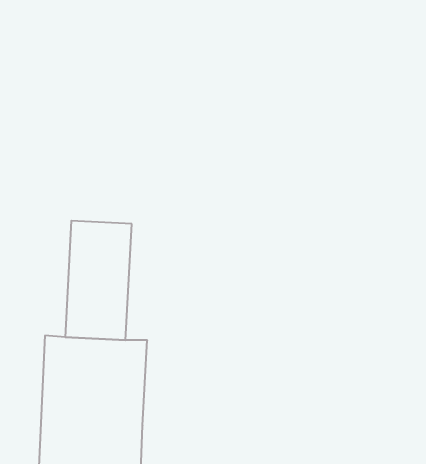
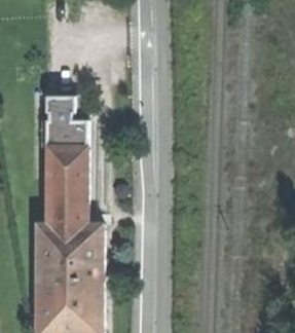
building: none -> [56,95,97,149]

